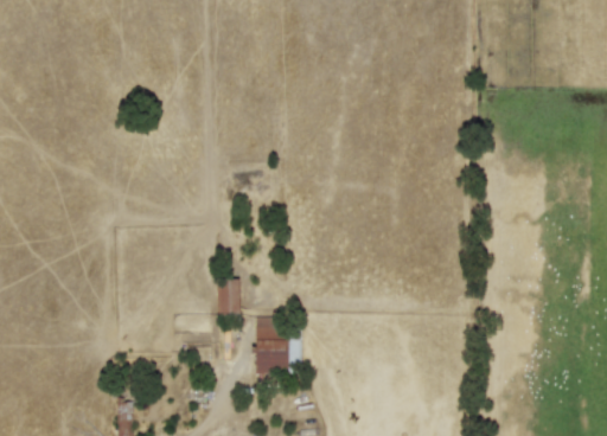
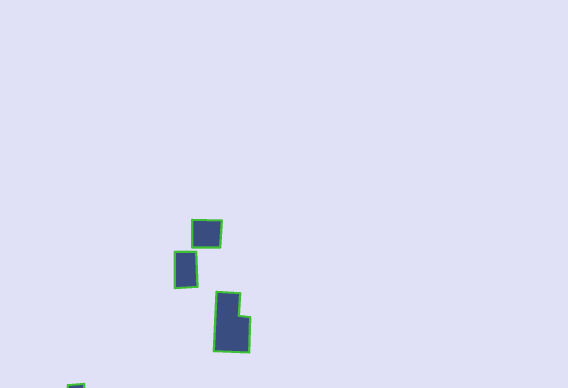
building: none -> [192,220,222,247]

